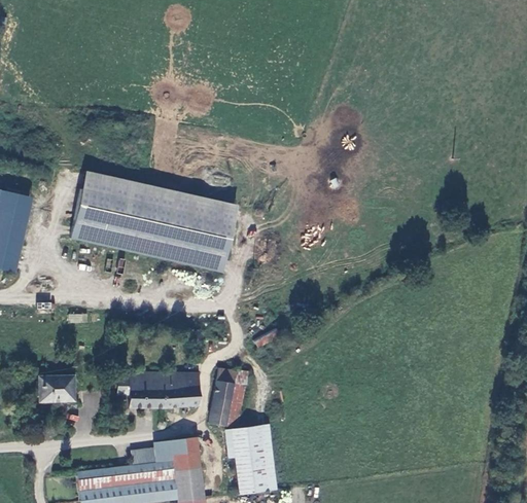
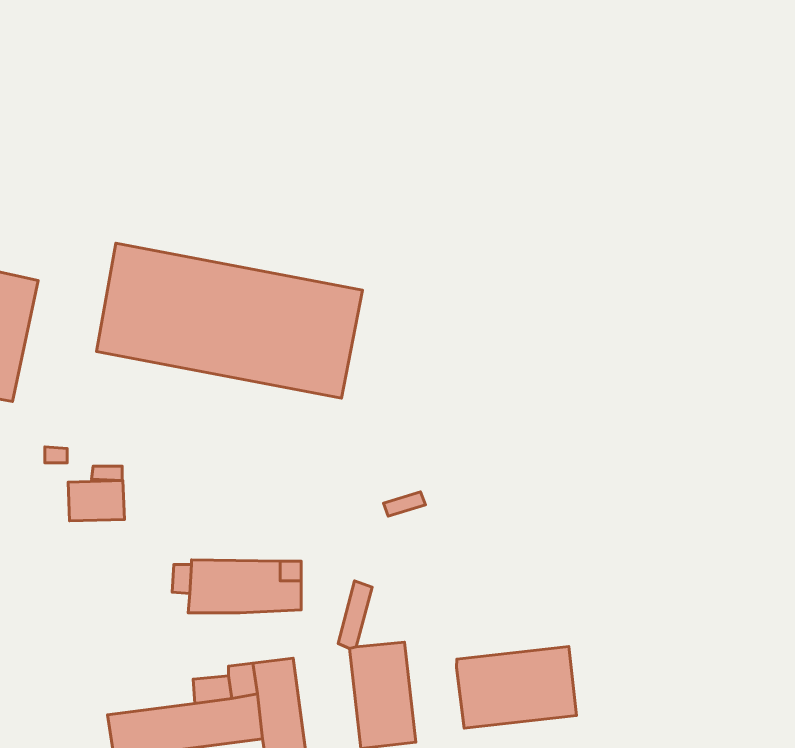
building: [39,374,75,400] -> [68,481,124,521]
building: [209,380,236,427] -> none
building: none -> [457,646,576,728]

